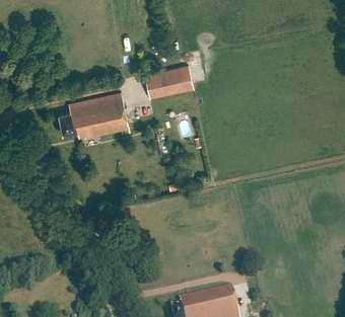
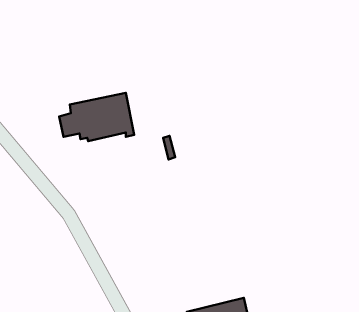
building: [144,63,194,96] -> none

